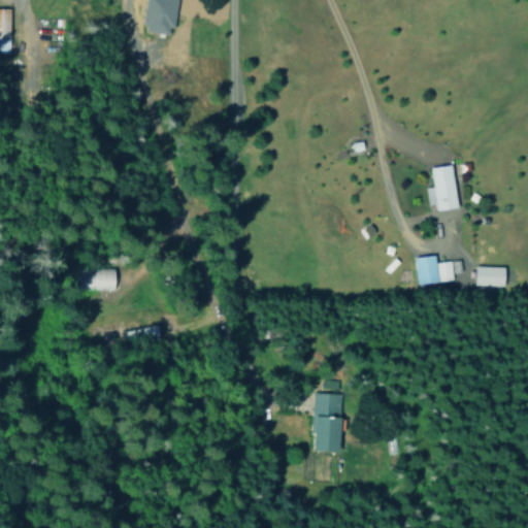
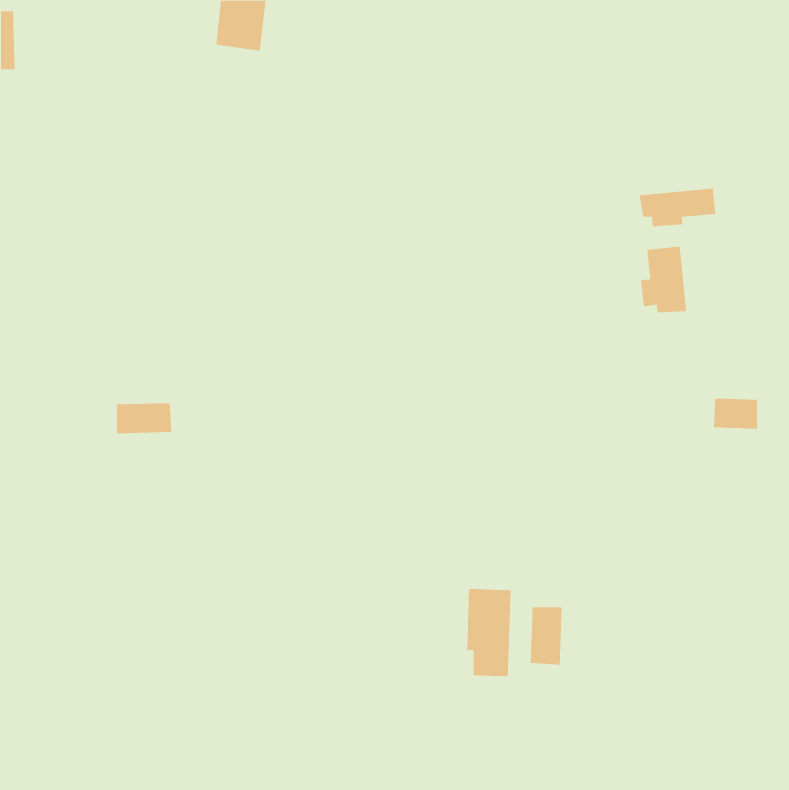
building: none -> [639,188,716,227]
building: [414,256,454,285] -> none
building: none -> [530,607,562,665]

